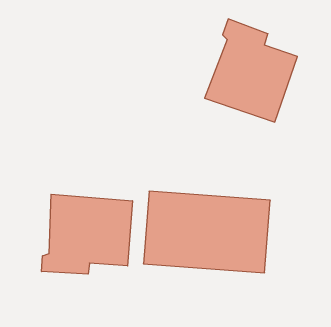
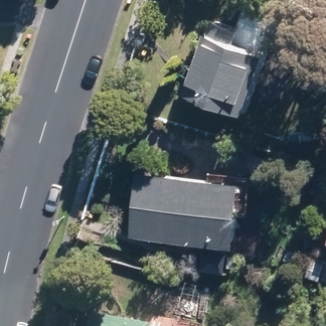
building: [42,194,132,274] -> none

